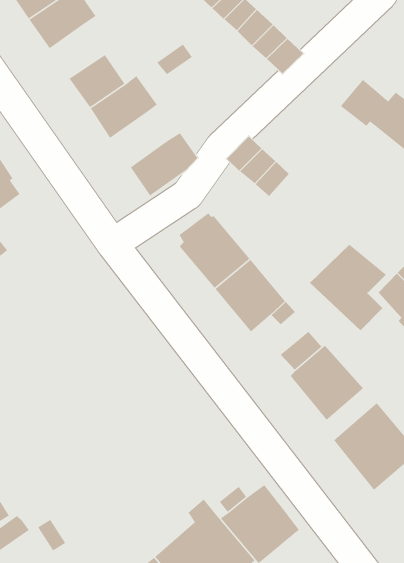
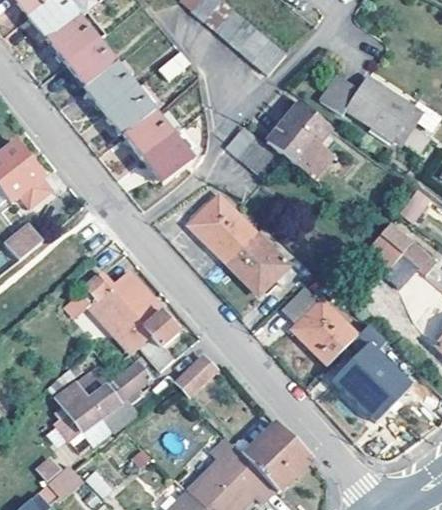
building: none -> [67,41,115,88]
building: none -> [124,113,172,160]
building: [309,244,387,331] -> [269,104,335,178]
building: none -> [80,273,178,369]
building: none -> [175,355,216,396]
building: none -> [56,361,150,445]

